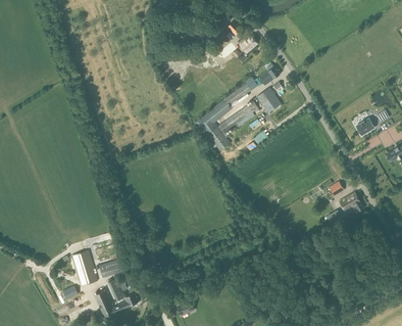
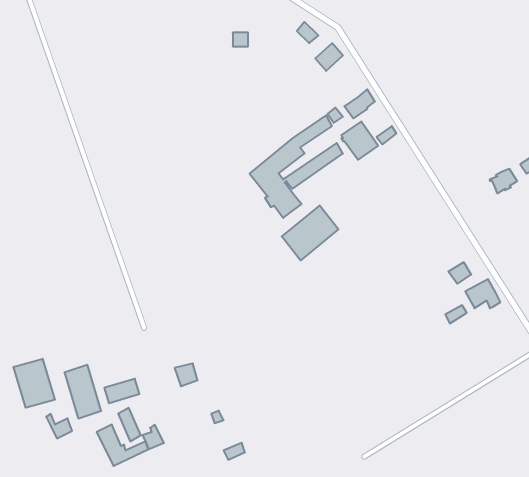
building: none -> [282,205,338,260]
building: none -> [14,359,55,408]

